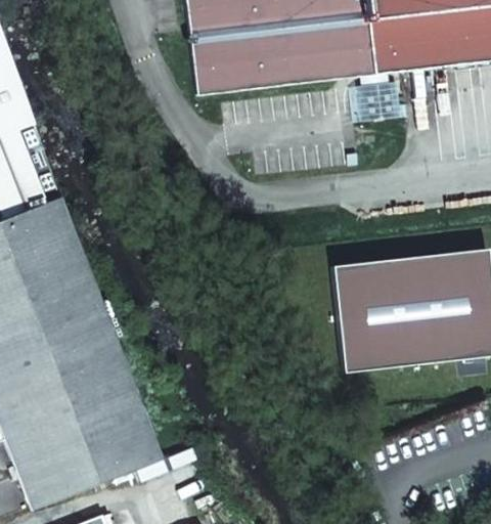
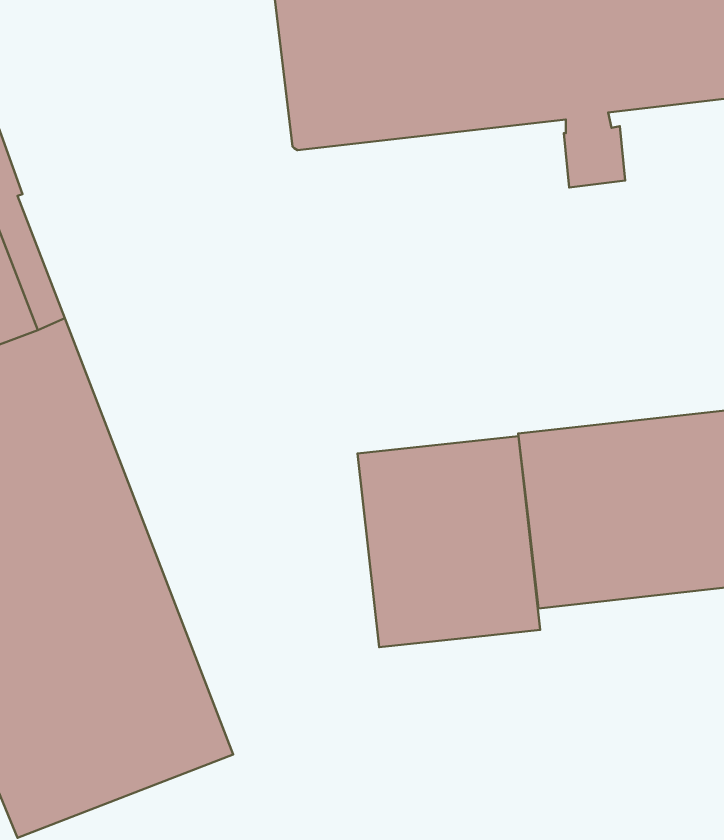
building: none -> [358,436,540,647]

